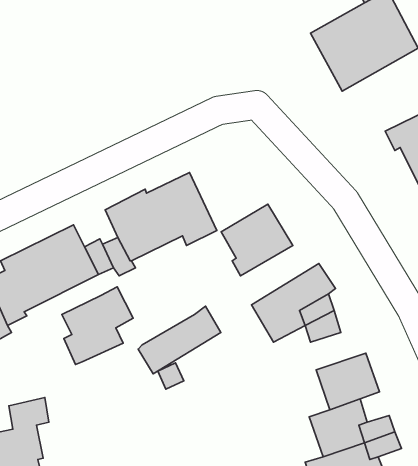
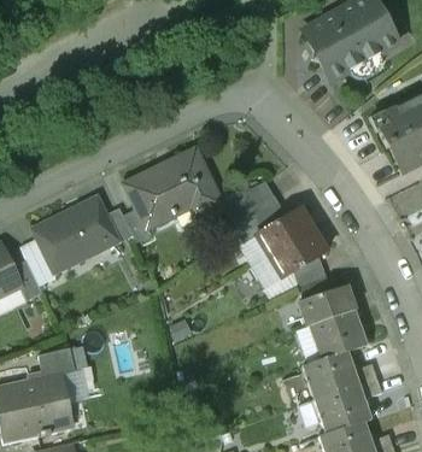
building: [62,287,133,365] -> none
building: [138,306,221,374] -> [239,209,311,268]
building: none -> [299,287,352,325]

